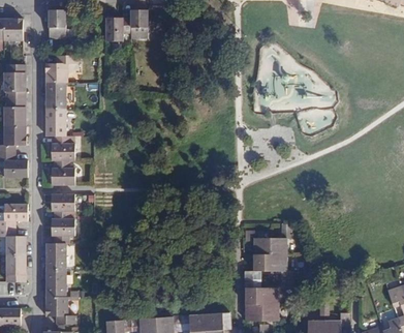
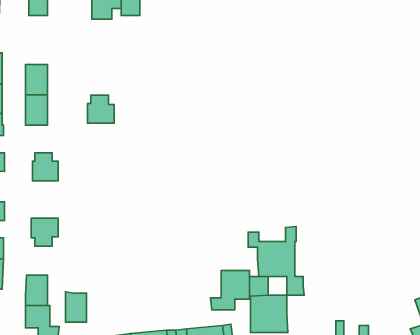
building: [44,55,75,82] -> none
building: [51,135,74,160] -> [87,95,114,123]
building: [51,194,74,218] -> none
building: [46,242,65,269] -> [65,292,86,322]
building: none -> [211,270,249,310]

